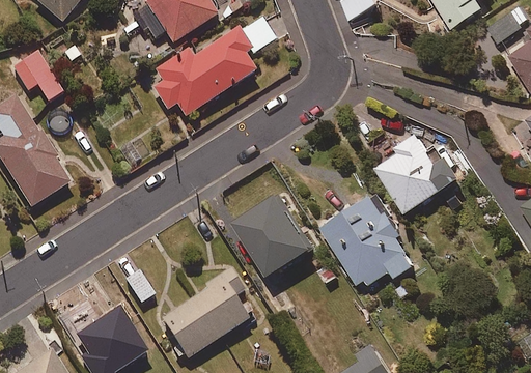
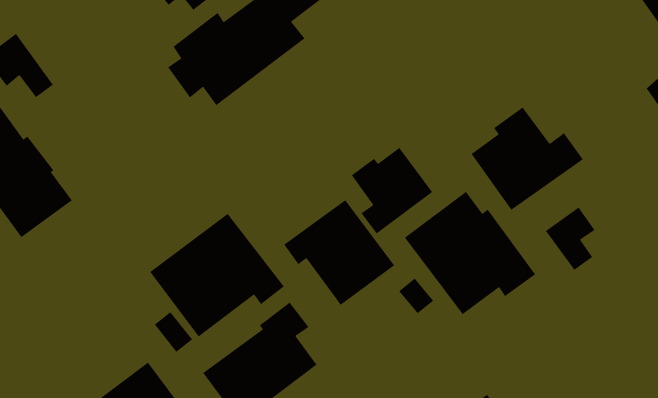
building: none -> [351,147,433,235]
building: none -> [149,213,285,337]
building: none -> [545,206,595,271]

